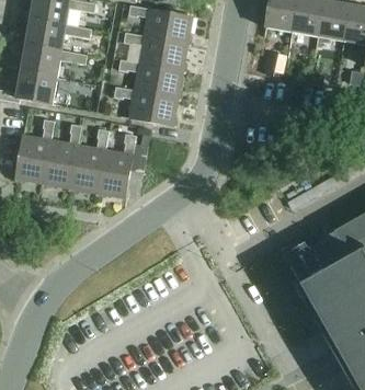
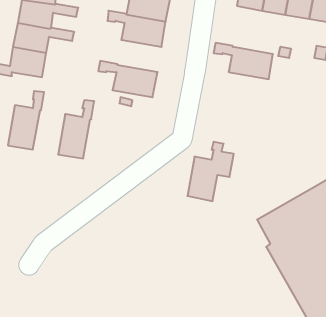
building: [118,58,183,98] -> [214,43,273,79]
building: [43,123,82,187] -> none
building: [98,133,148,197] -> [187,142,234,201]

